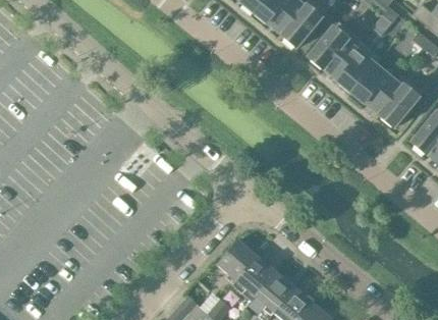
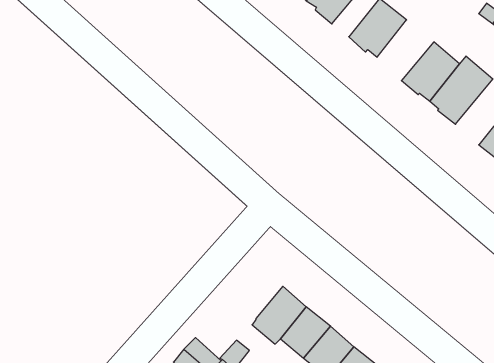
building: [332,40,382,93] -> none
building: [217,241,258,281] -> none

